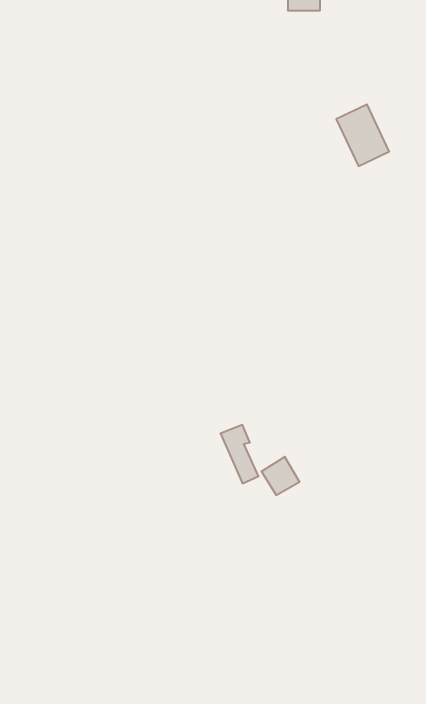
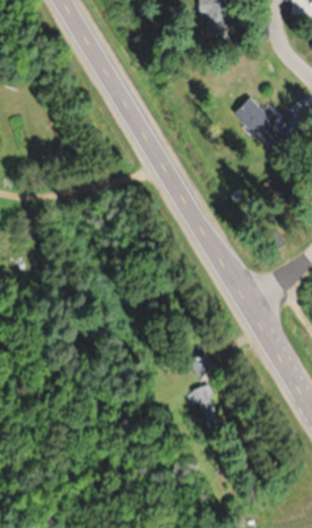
building: [220,425,259,483] -> [191,384,218,425]

